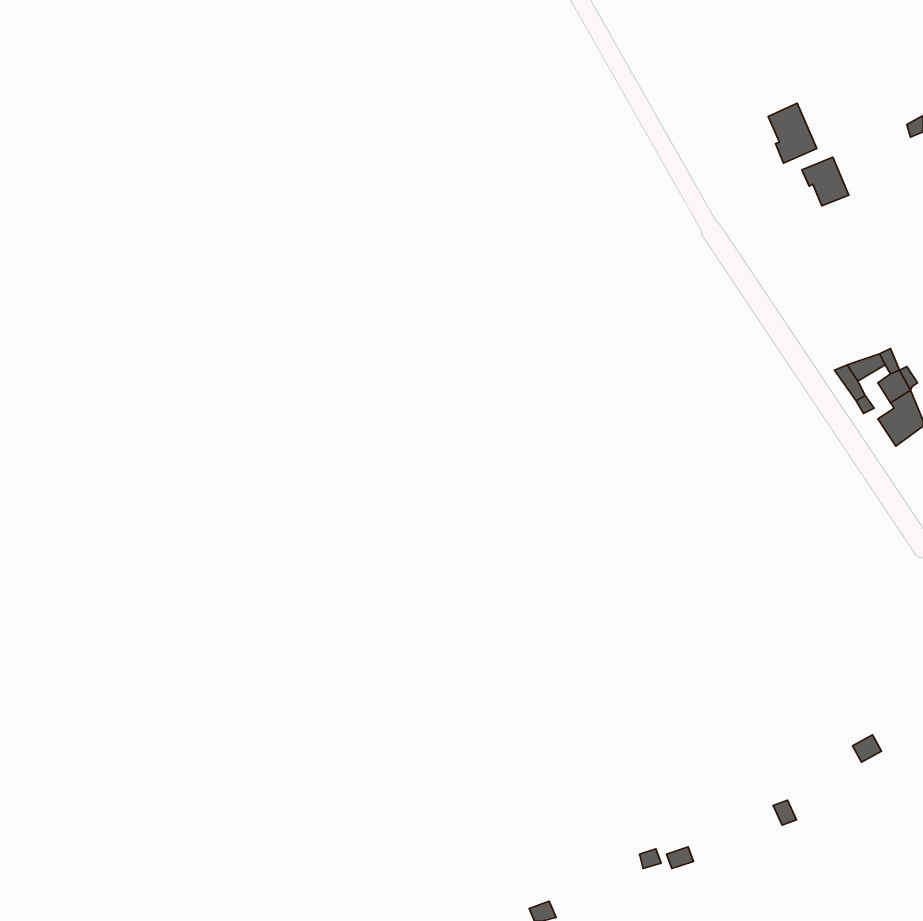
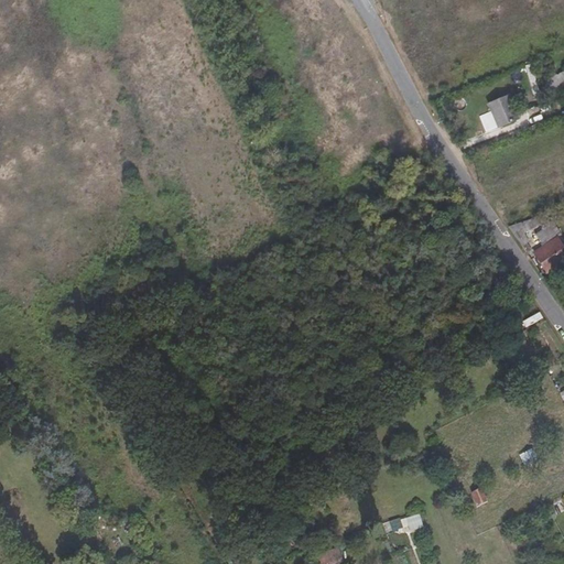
building: [768,103,817,163] -> none

